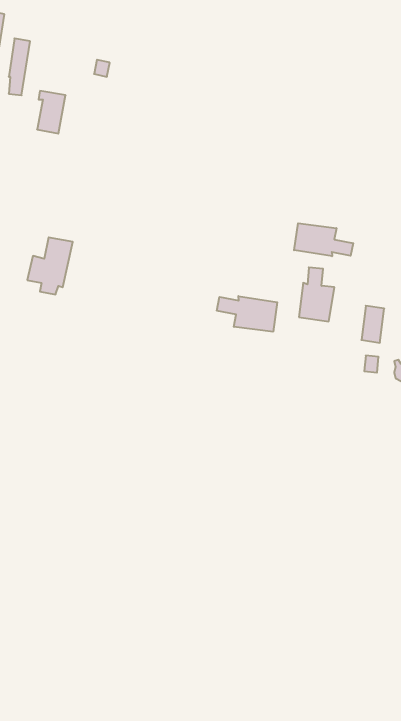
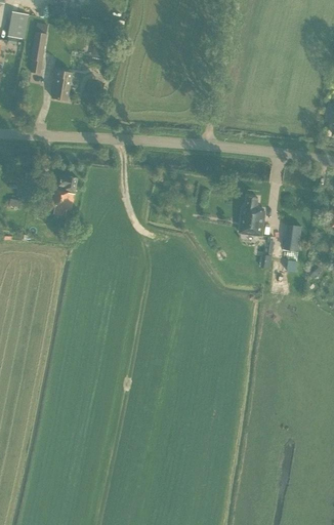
building: [294,223,353,256] -> none
building: [217,296,277,332] -> none

